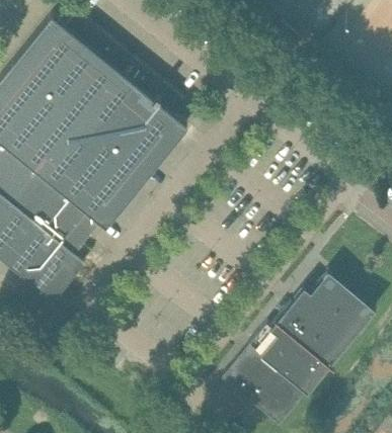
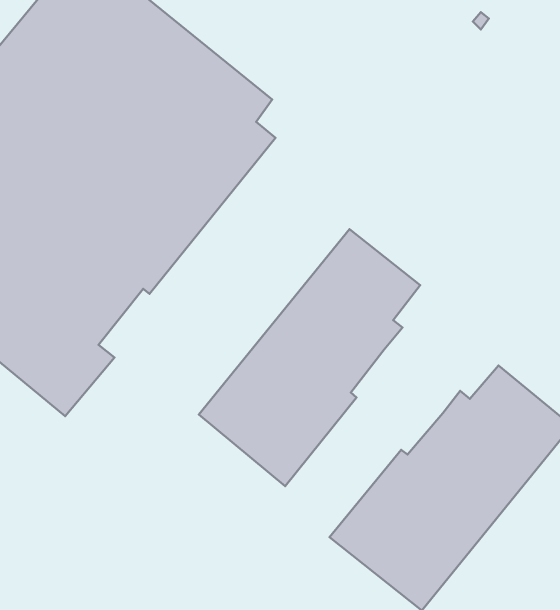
building: none -> [199,229,420,486]

